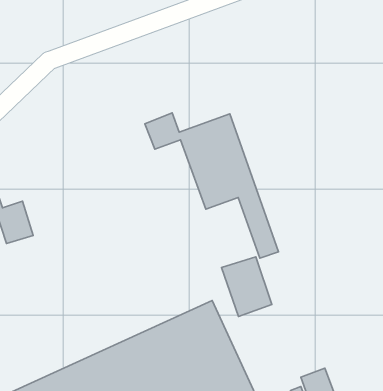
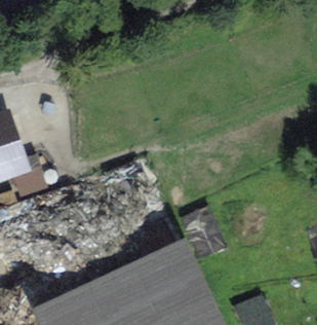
building: [145,113,278,258] -> none

